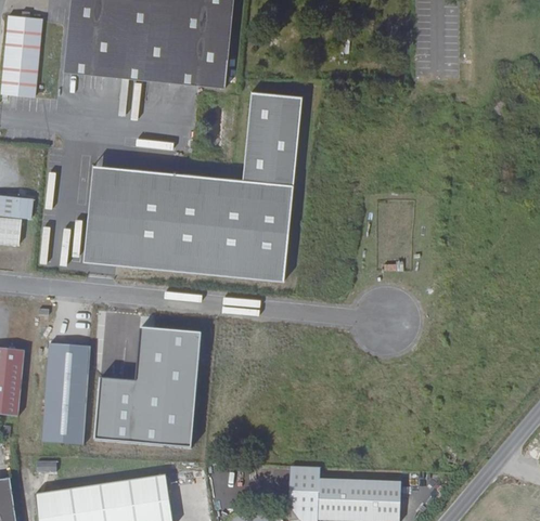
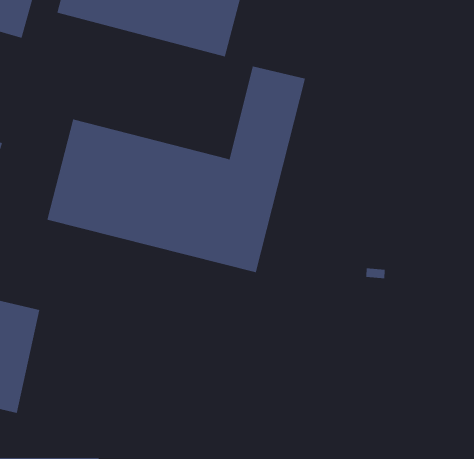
building: [93,326,200,445] -> none

